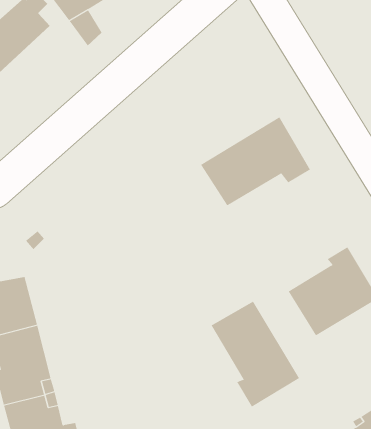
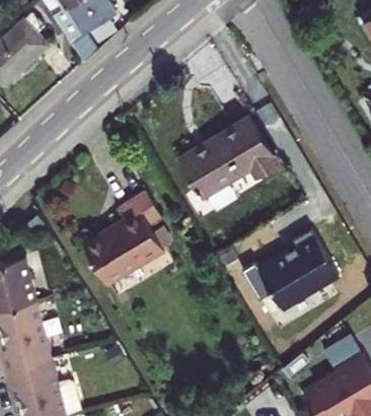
building: none -> [86,195,164,284]
building: [211,301,300,407] -> none

